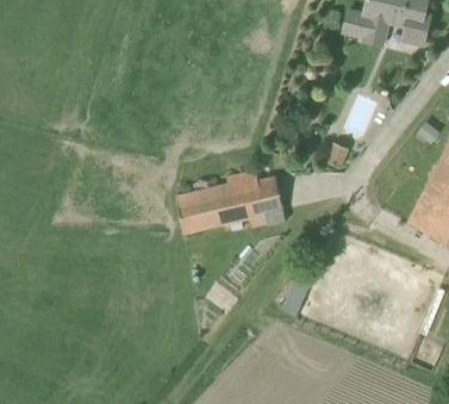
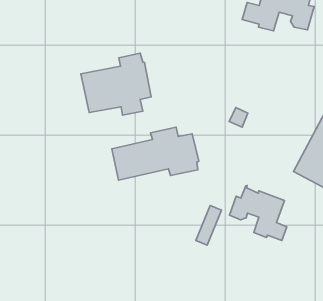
building: none -> [81,53,151,115]
building: none -> [230,186,287,241]

